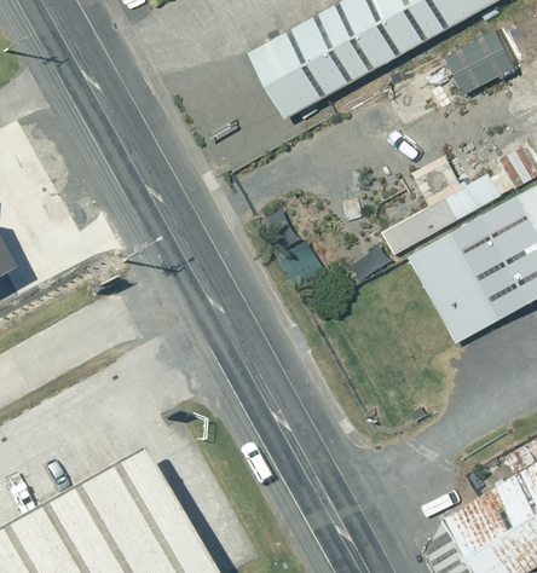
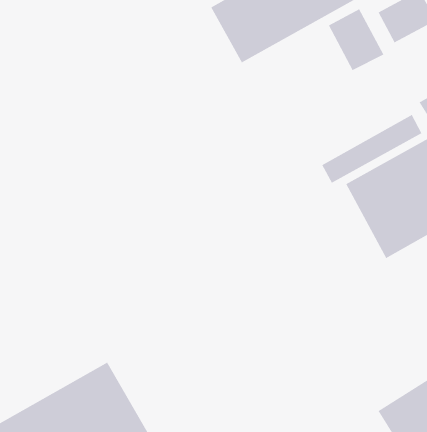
building: none -> [328,8,384,71]

